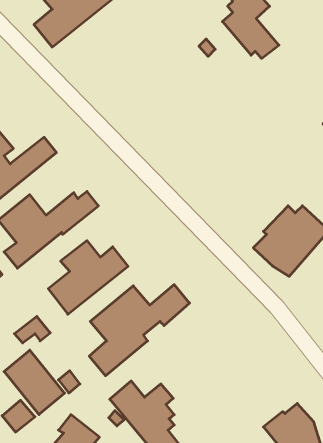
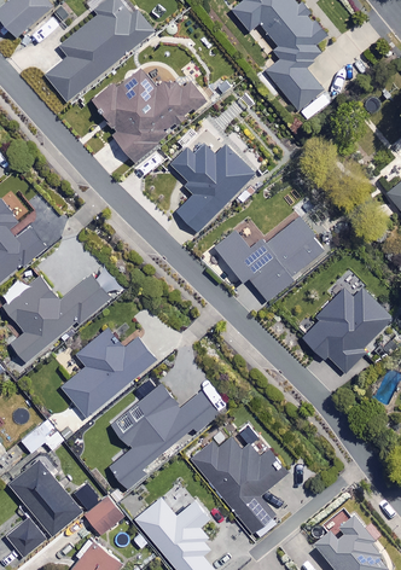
building: none -> [91,72,204,162]
building: none -> [169,145,254,232]
building: none -> [211,213,325,299]
building: none -> [188,436,289,539]
building: none -> [85,495,123,533]

